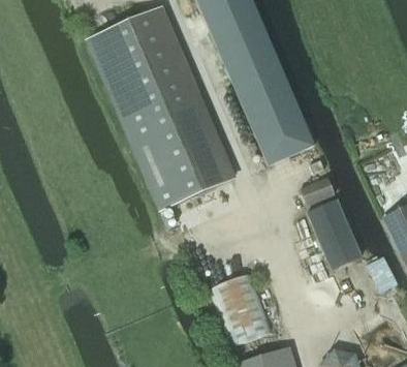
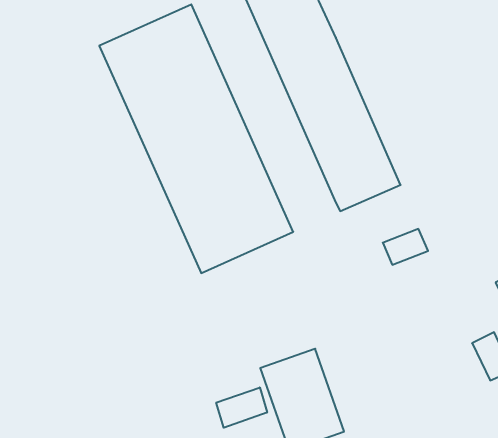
building: [308,198,363,269] -> none
building: none -> [216,387,267,428]

